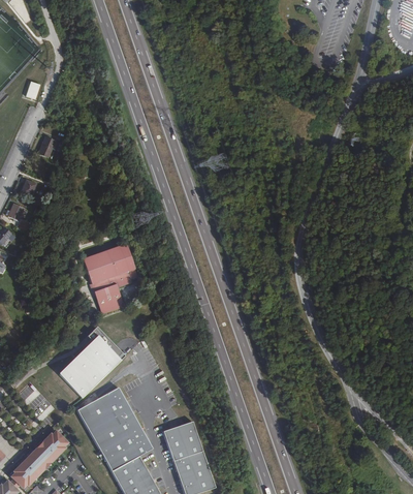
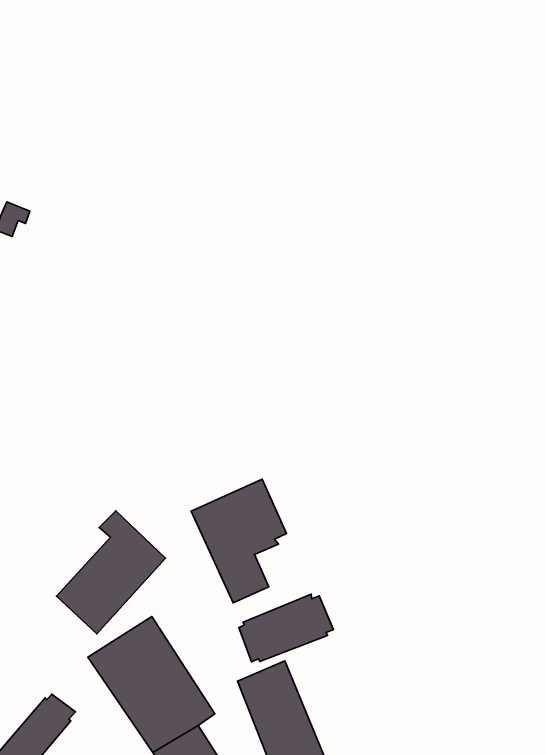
building: [80,243,135,315] -> [191,479,286,603]
building: none -> [239,594,333,662]

